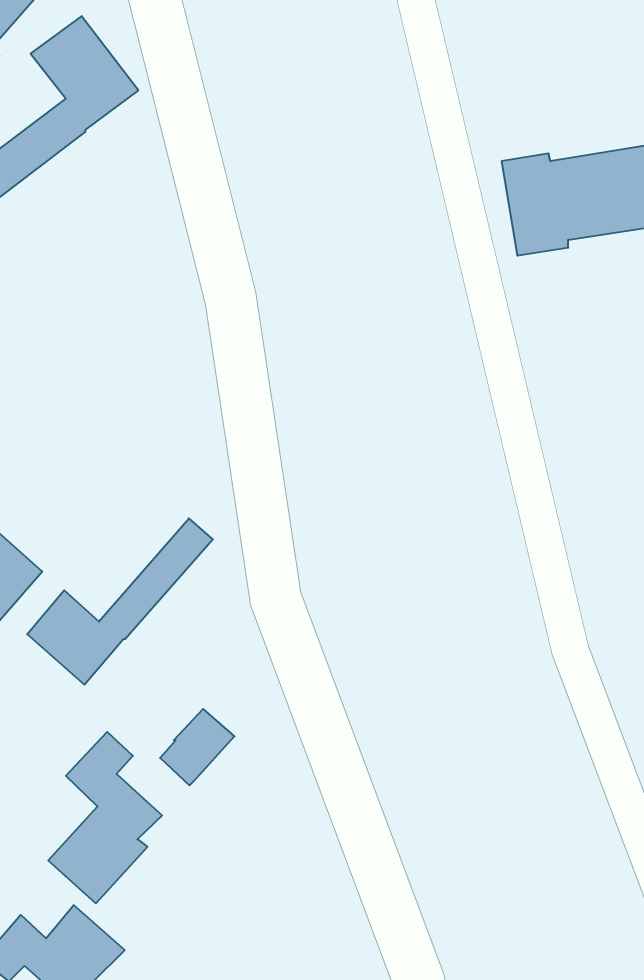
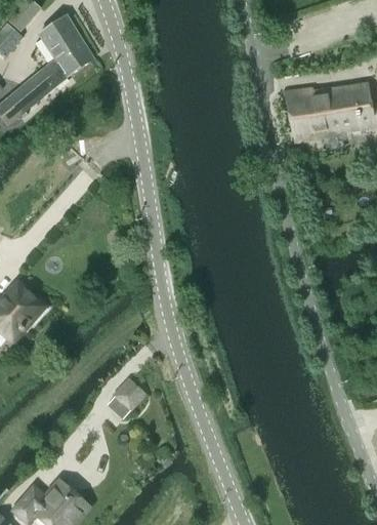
building: [27,518,213,685] -> none
building: [48,732,162,903] -> none

